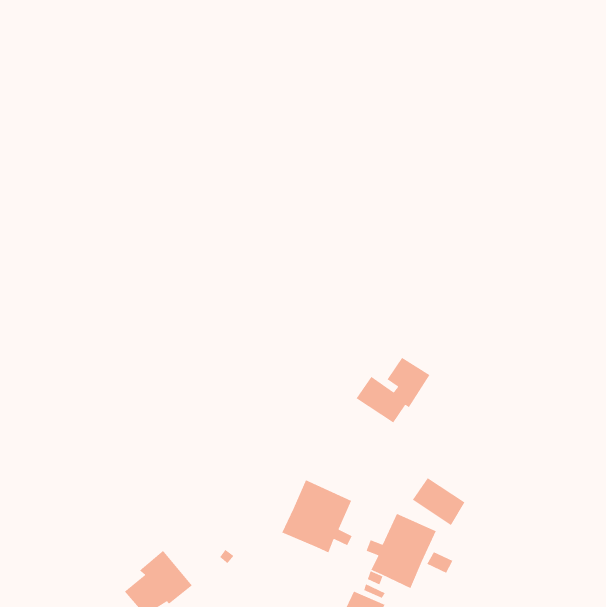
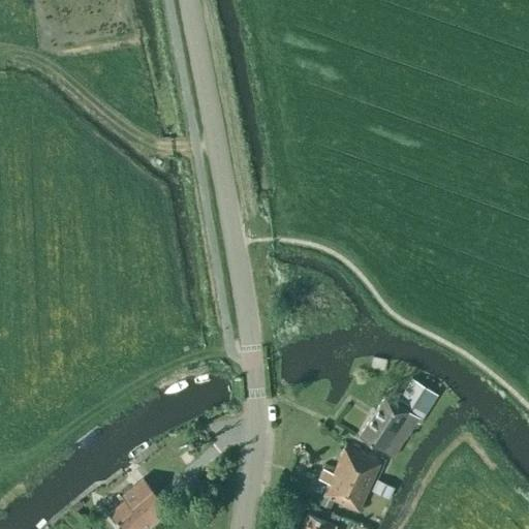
building: [356,357,431,424] -> [373,379,438,437]
building: [281,479,353,553] -> none

